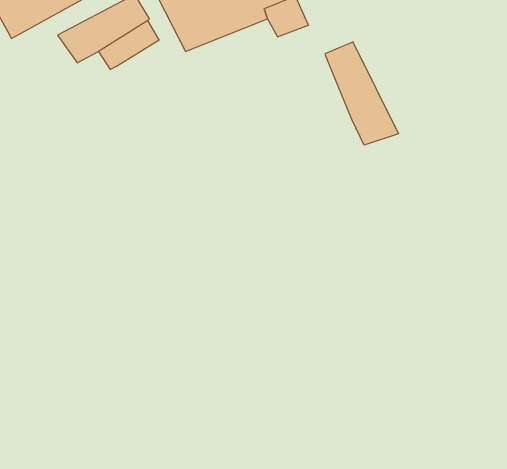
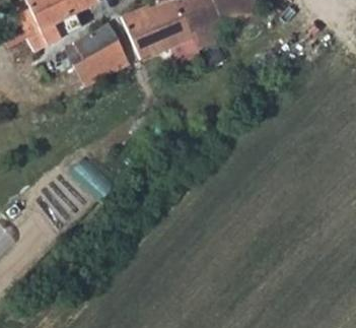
building: [325,42,398,145] -> none

